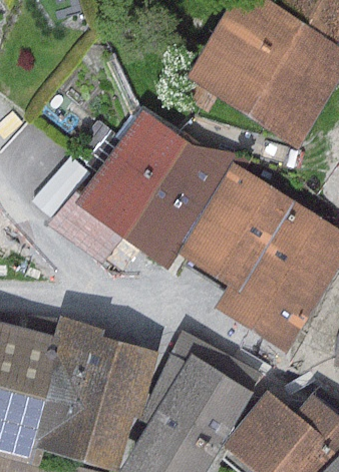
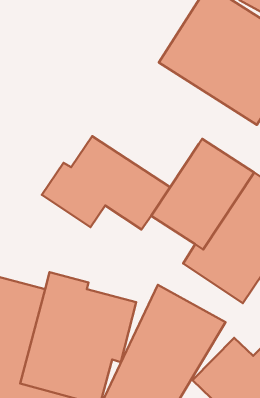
building: [108,109,232,218] -> none

